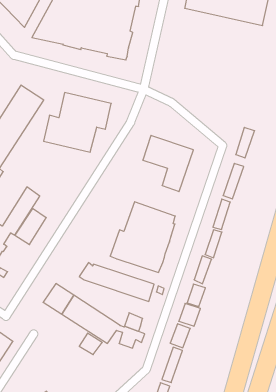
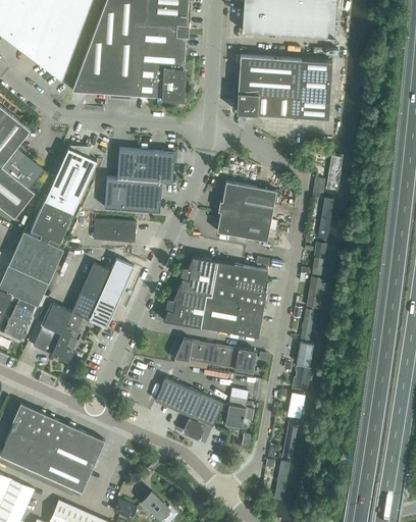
building: none -> [235,56,332,119]
building: none -> [93,220,136,244]
building: none -> [217,212,250,238]
building: none -> [103,259,134,295]
building: none -> [163,257,218,327]

